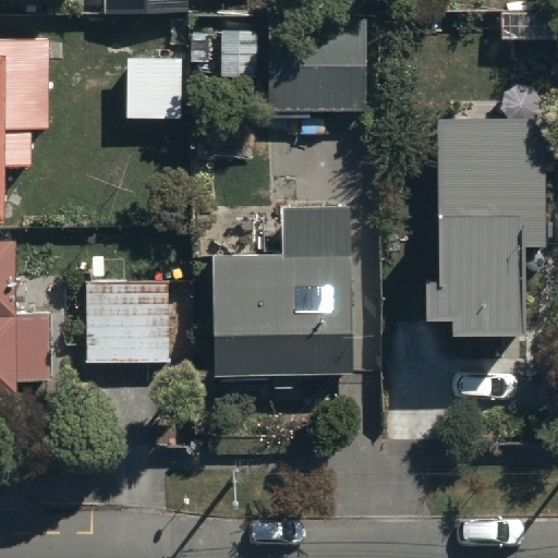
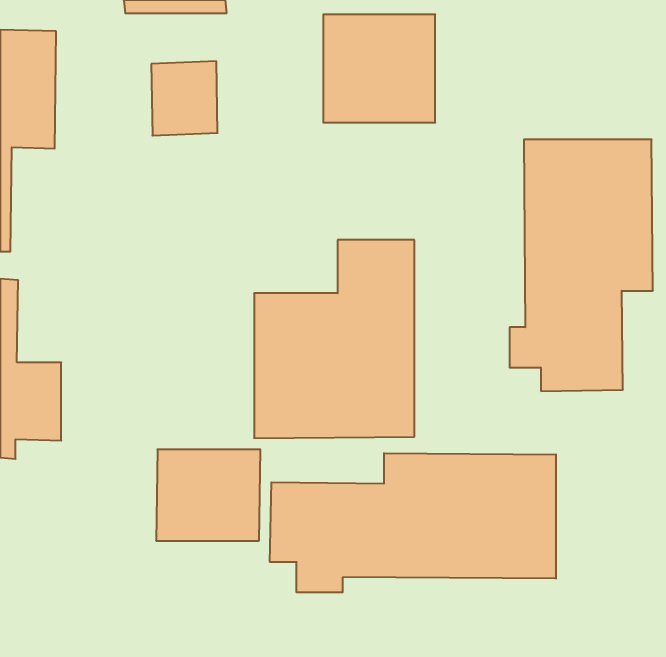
building: [84,286,171,362] -> [156,449,260,541]
building: none -> [270,453,556,592]

